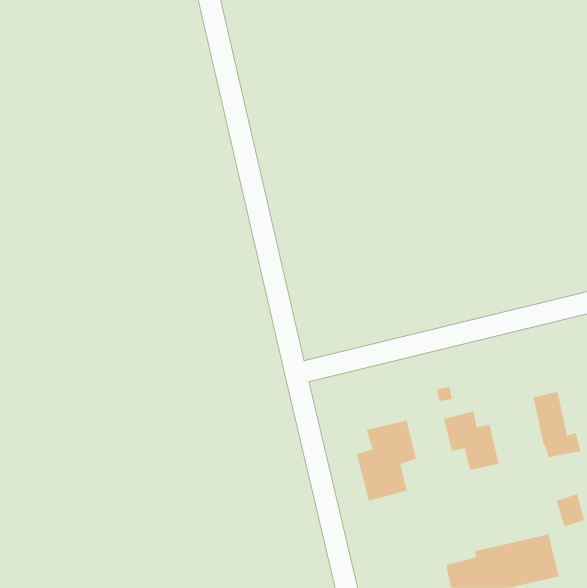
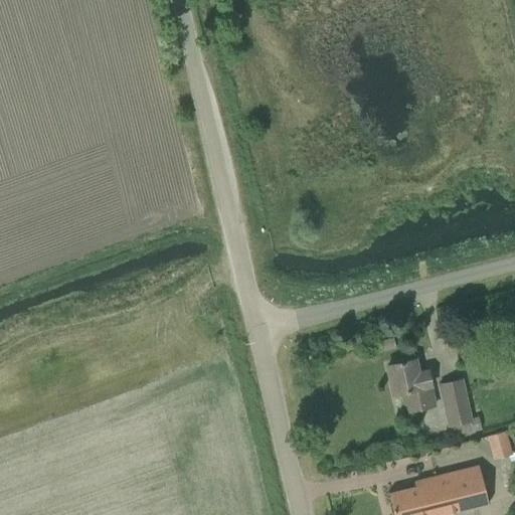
building: [533,391,581,458] -> [440,379,482,438]
building: [356,420,417,502] -> none

